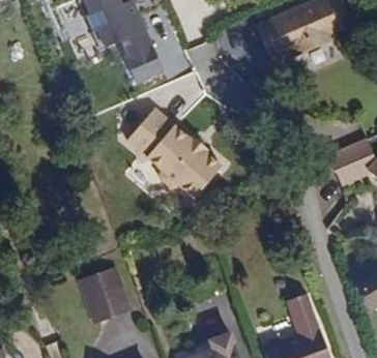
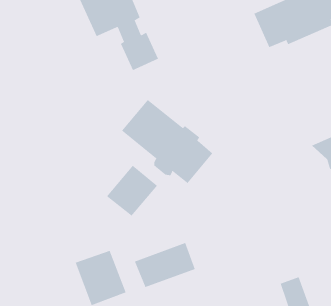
building: none -> [106,165,158,216]
building: none -> [134,242,196,288]

